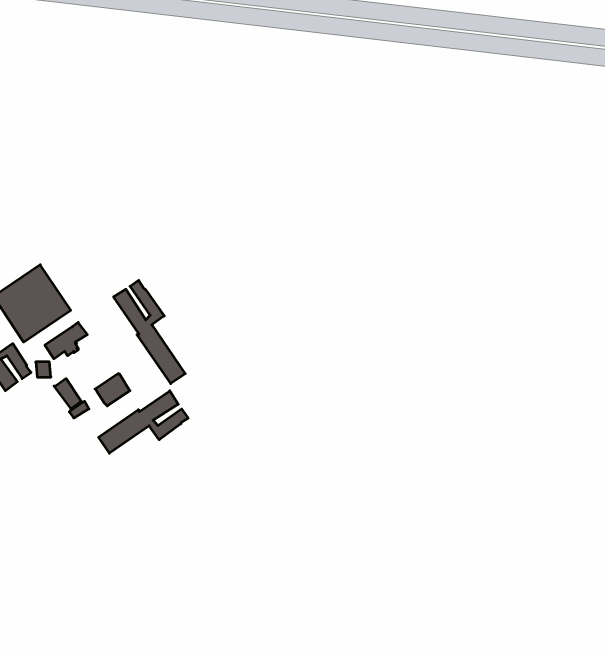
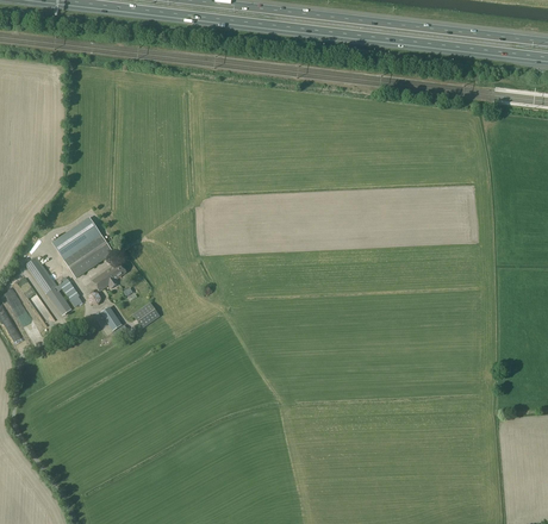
building: [114,280,185,384] -> none
building: [99,391,188,453] -> none

